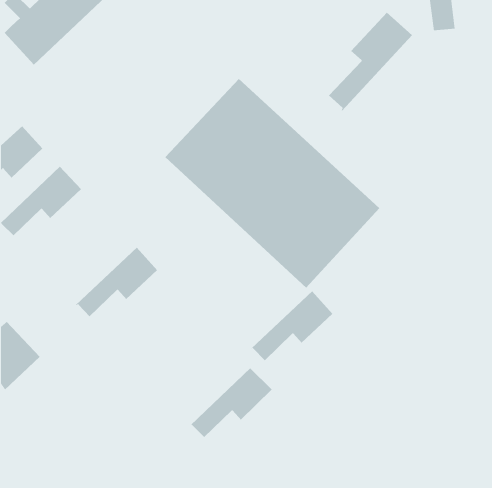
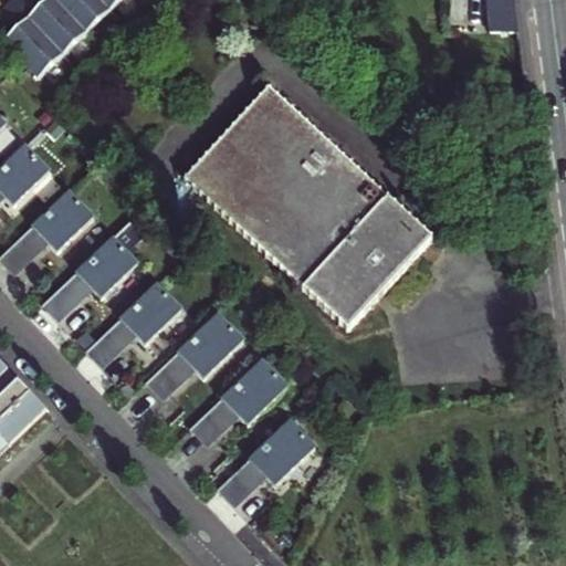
building: [328,12,413,112] -> none
building: none -> [42,237,138,317]
building: none -> [146,314,241,395]
building: [250,291,333,361] -> [190,360,285,441]

